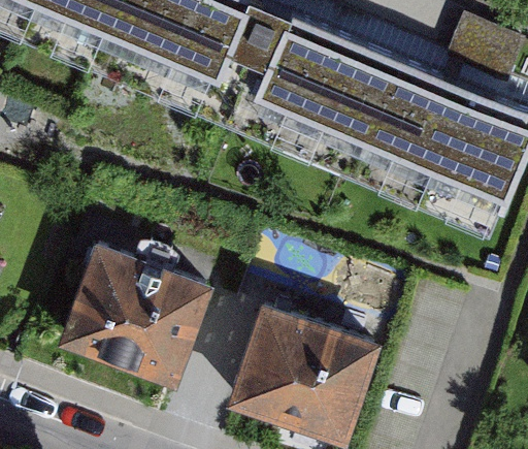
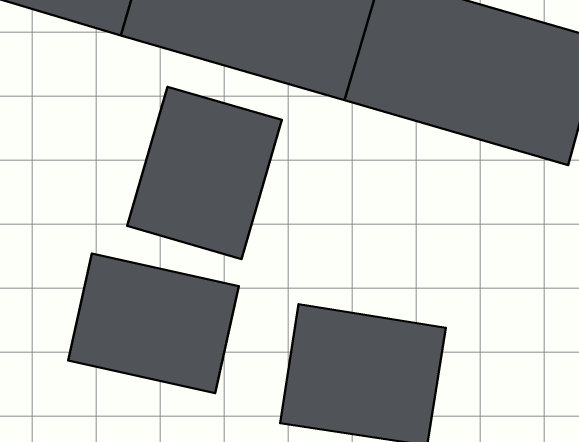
building: none -> [127,87,282,259]

